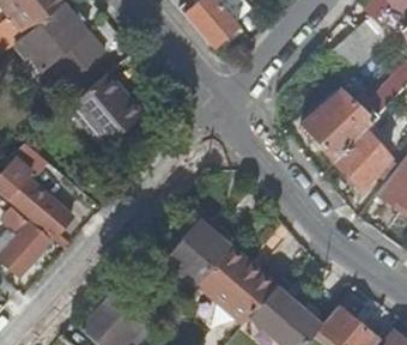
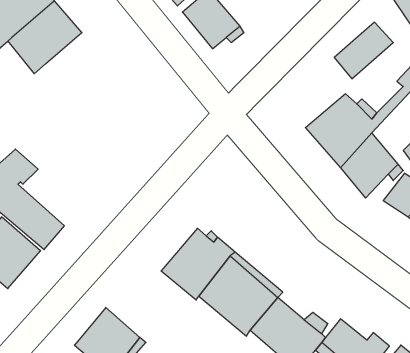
building: [54,32,105,83] -> none
building: [68,72,145,150] -> none

